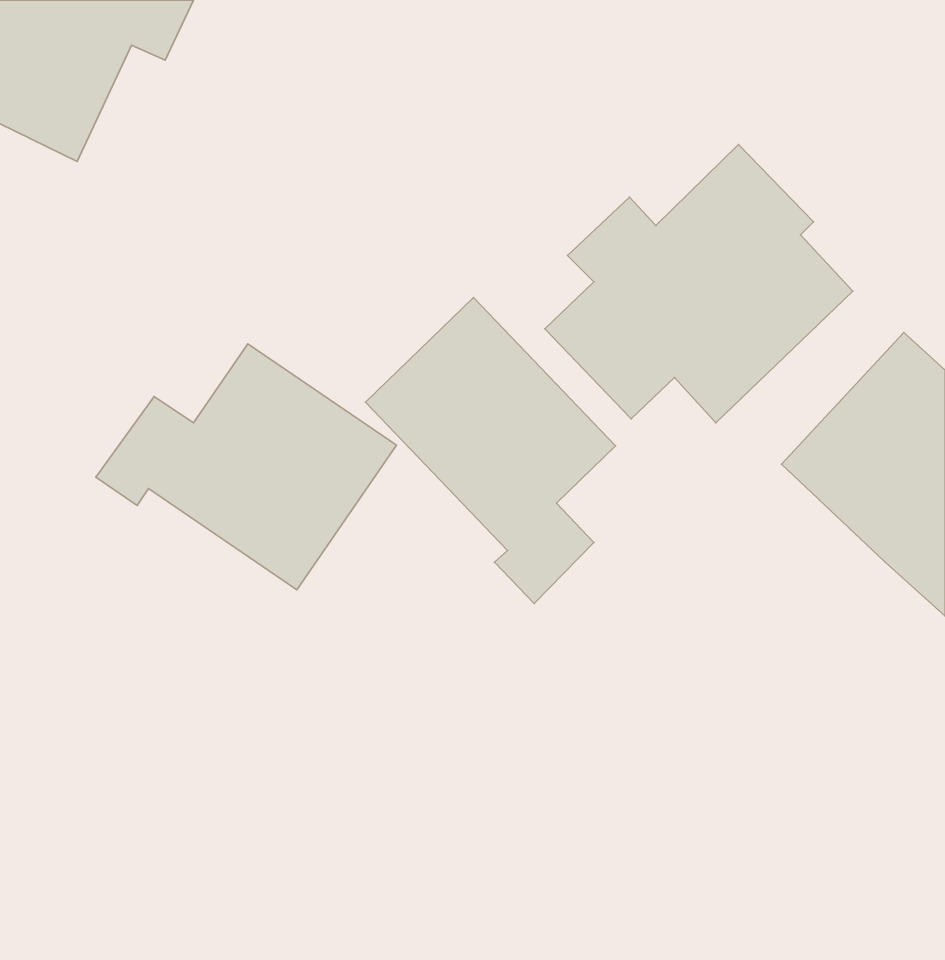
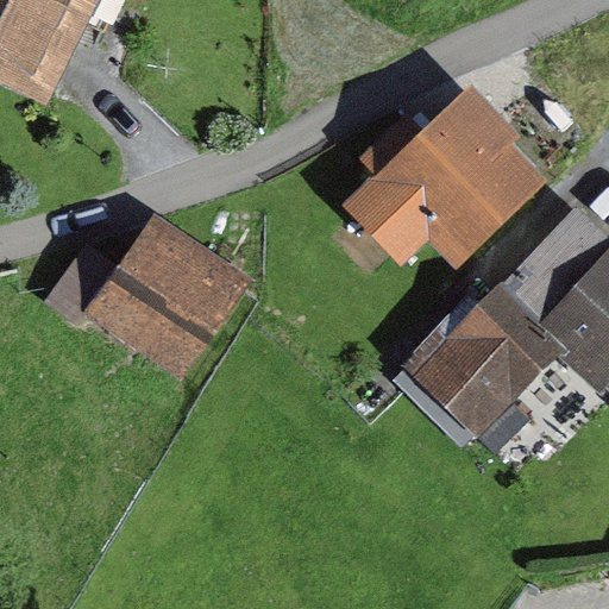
building: [365,298,616,604] -> none
building: none -> [409,294,560,434]

